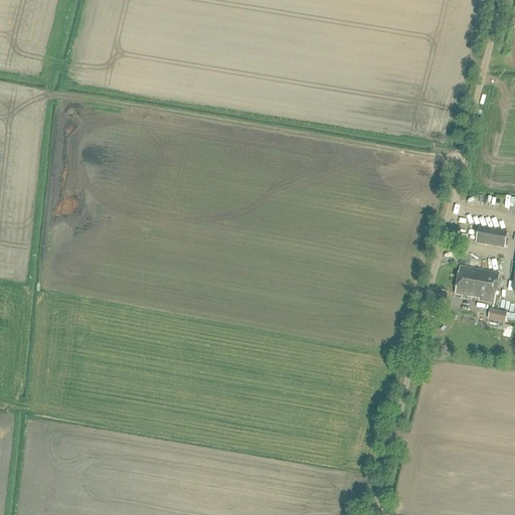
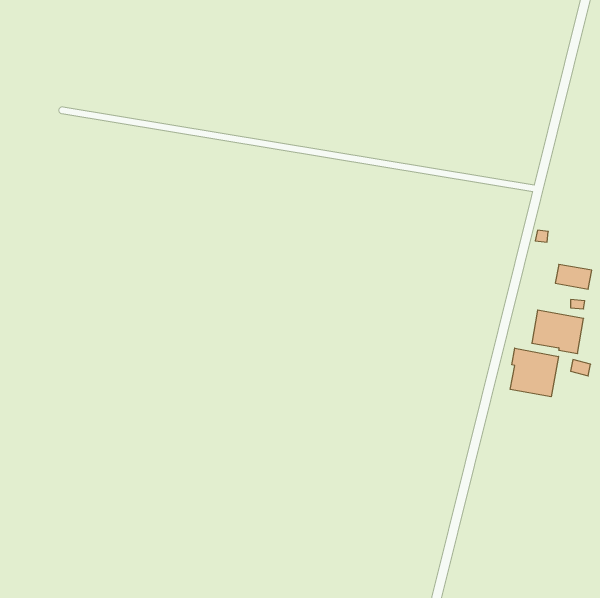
building: none -> [510,348,558,397]

